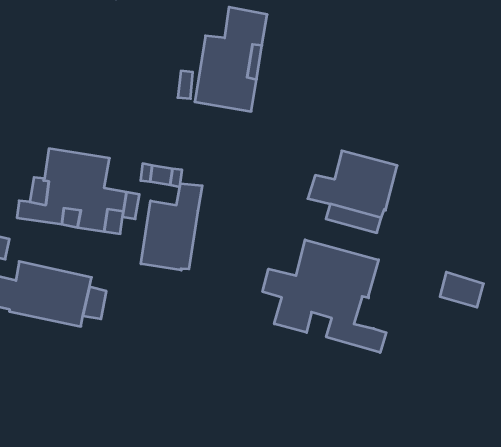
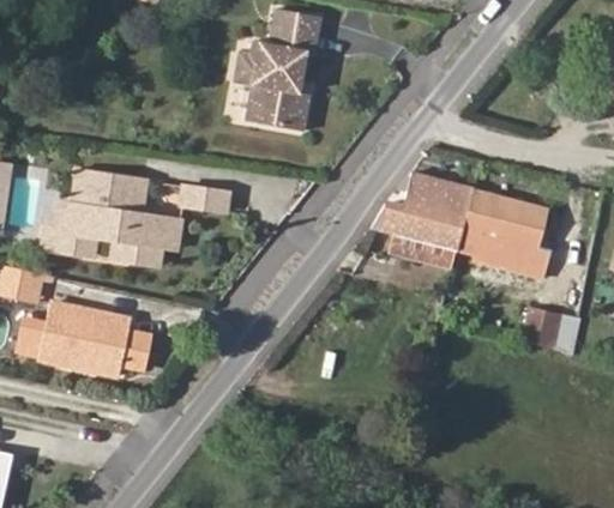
building: none -> [458,188,560,292]
building: [141,184,202,270] -> none
building: [263,240,386,353] -> none

